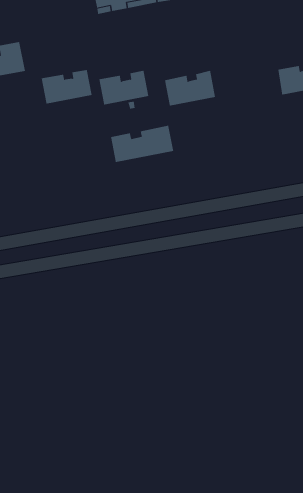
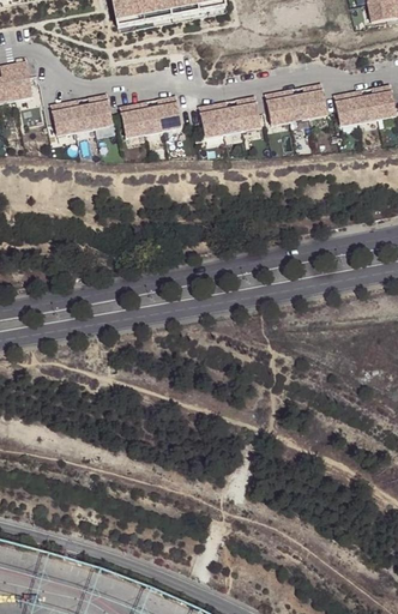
building: none -> [266,83,327,125]
building: [110,125,174,163] -> none

